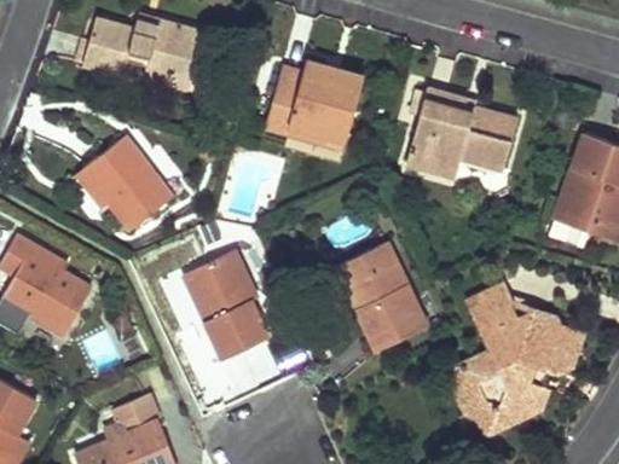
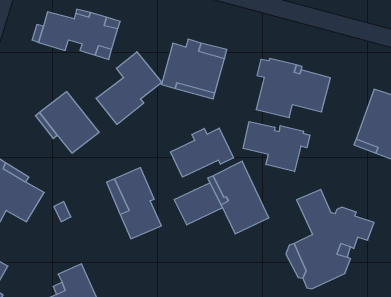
building: none -> [96,52,162,124]
building: none -> [243,122,310,172]
building: none -> [171,128,233,177]
building: none -> [174,183,223,225]

